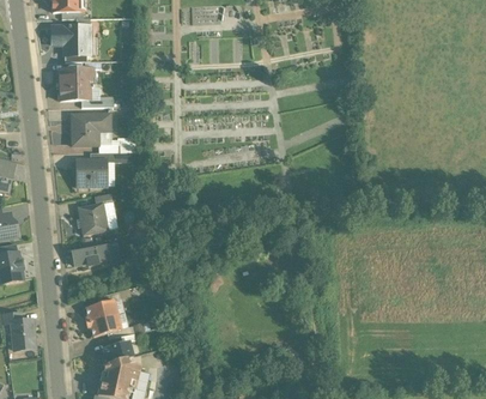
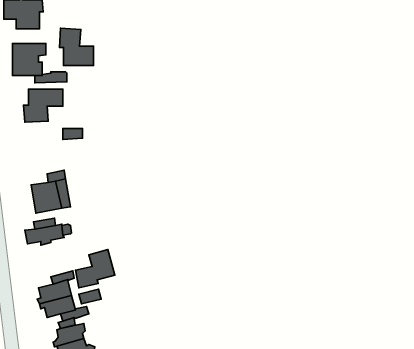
building: none -> [59,28,93,65]
building: [75,159,105,187] -> none
building: none -> [75,250,115,288]

